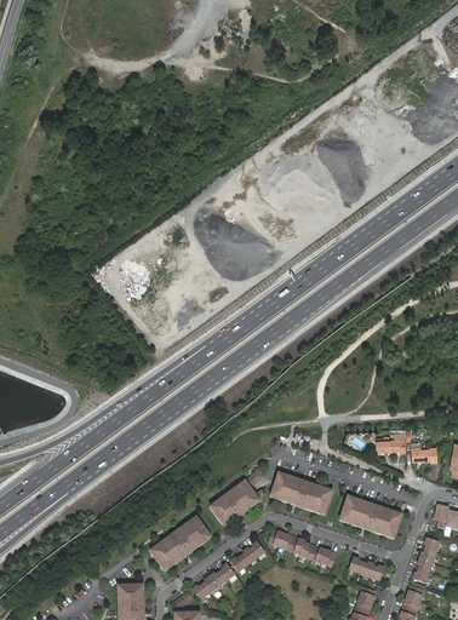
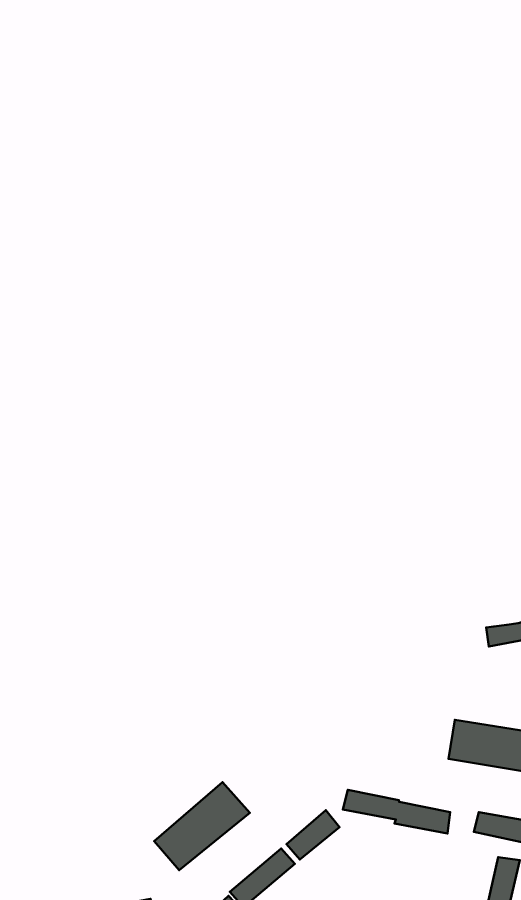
building: [210,473,265,527] -> none
building: [270,473,333,515] -> none

